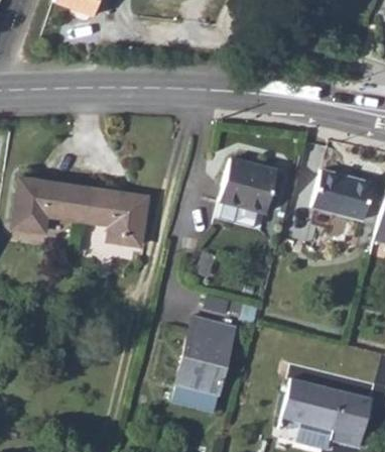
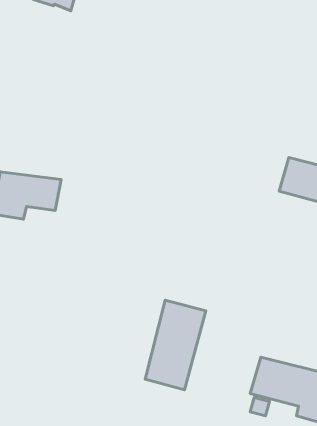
building: [222,158,278,211] -> none
building: [79,192,148,248] -> none

